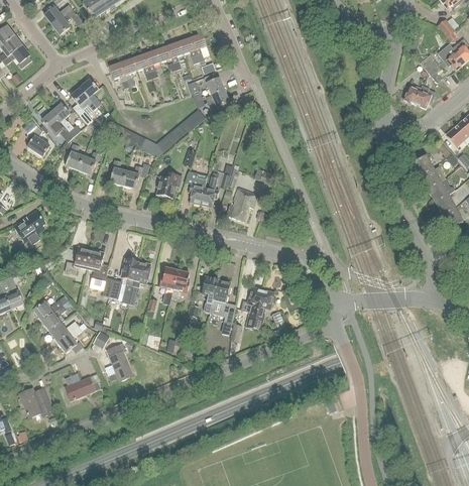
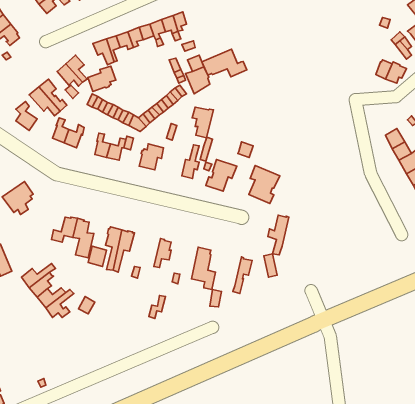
building: none -> [202,49,247,77]
building: none -> [88,66,116,91]
building: [186,171,208,204] -> [192,107,213,138]
building: none -> [249,165,280,203]
building: [159,267,179,305] -> none
building: [202,275,218,313] -> none
building: [241,286,263,328] -> [268,215,289,255]
building: [108,341,133,380] -> none
building: [65,375,95,399] -> none
building: [19,387,54,416] -> none

